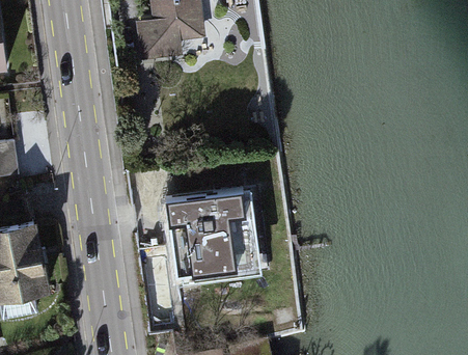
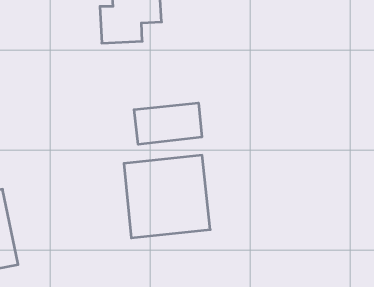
building: none -> [134,103,202,144]

